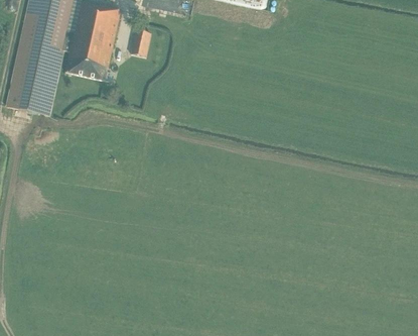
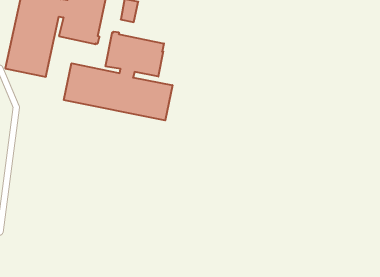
building: none -> [64,32,172,120]

